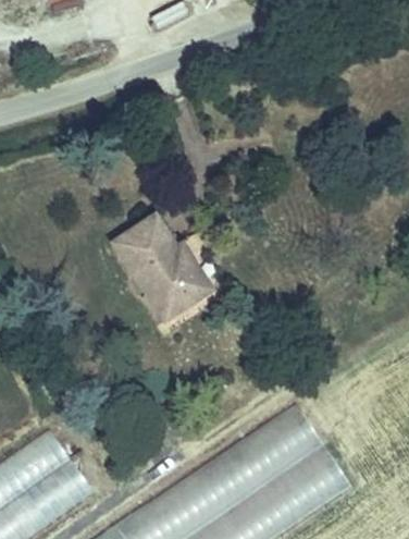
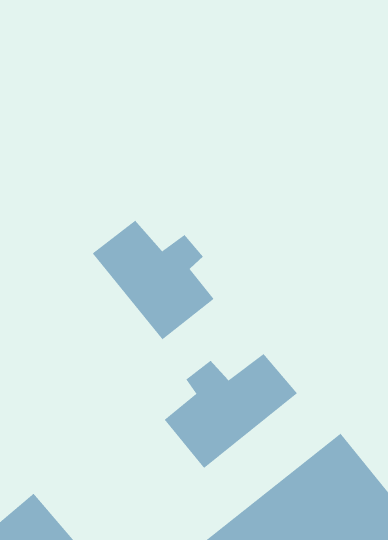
building: none -> [164,353,298,469]

